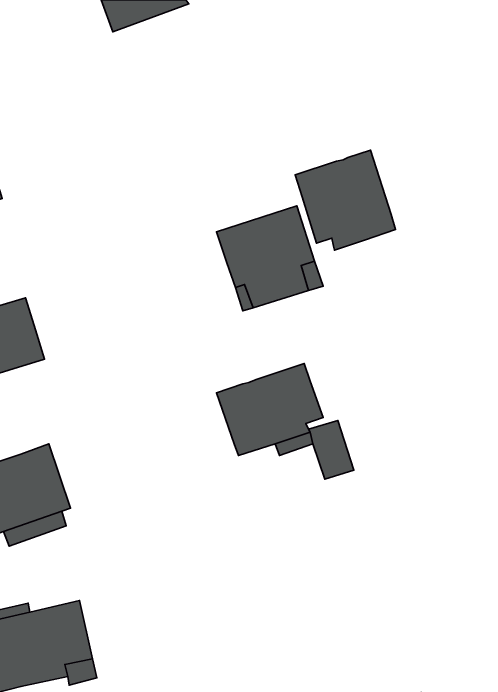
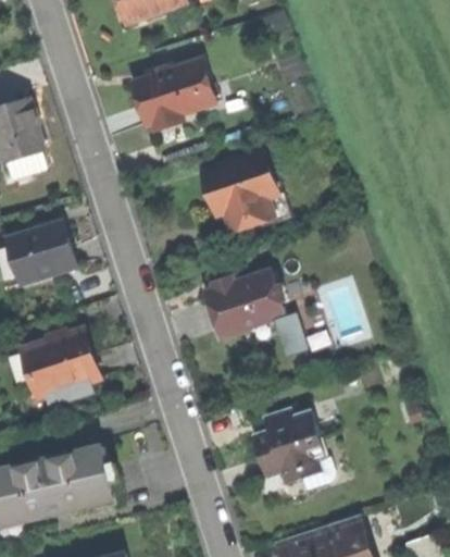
building: none -> [133,62,213,131]
building: [295,150,396,250] -> none
building: none -> [251,409,326,485]

